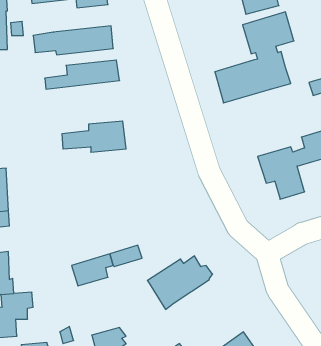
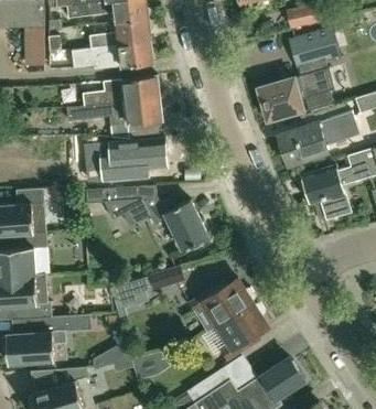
building: none -> [90,19,151,47]
building: none -> [65,97,162,138]
building: none -> [277,111,358,166]
building: none -> [103,185,210,248]
building: none -> [216,302,269,359]

